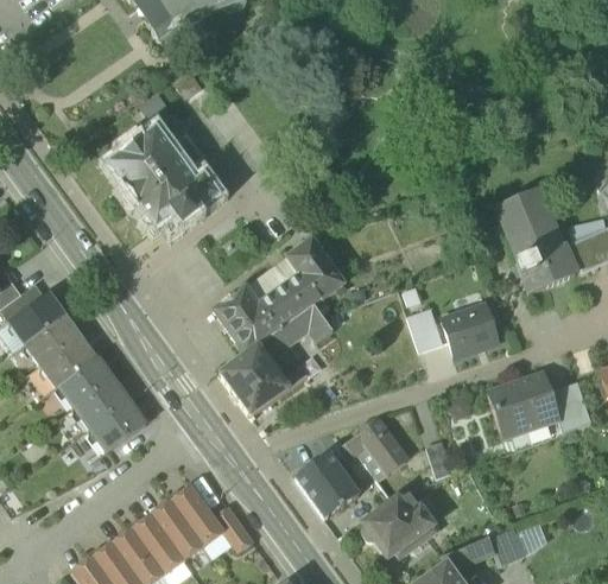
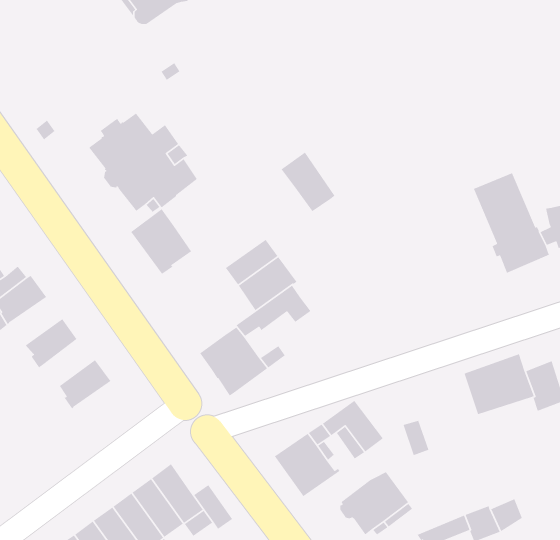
building: [287,237,343,299] -> [281,152,336,212]
building: [214,285,277,353] -> [130,208,192,275]
building: [442,304,499,354] -> none
building: [407,306,444,349] -> none
building: [27,315,81,364] -> none
building: [62,356,114,406] -> none
building: [93,400,146,451] -> none

